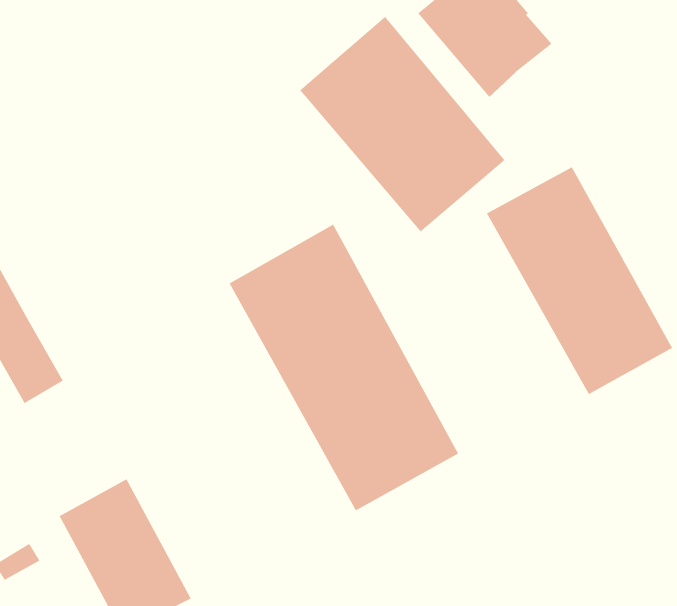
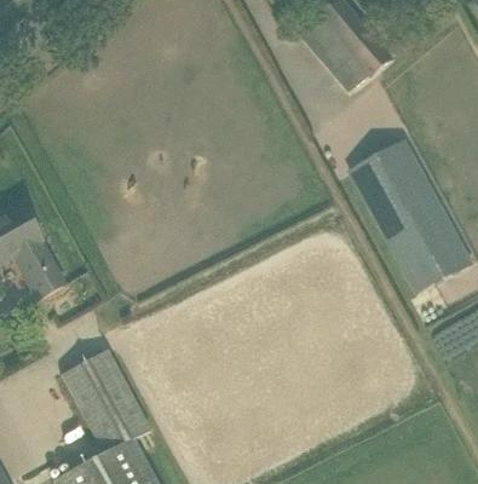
building: [299,16,505,233] -> none
building: [229,224,459,512] -> none

